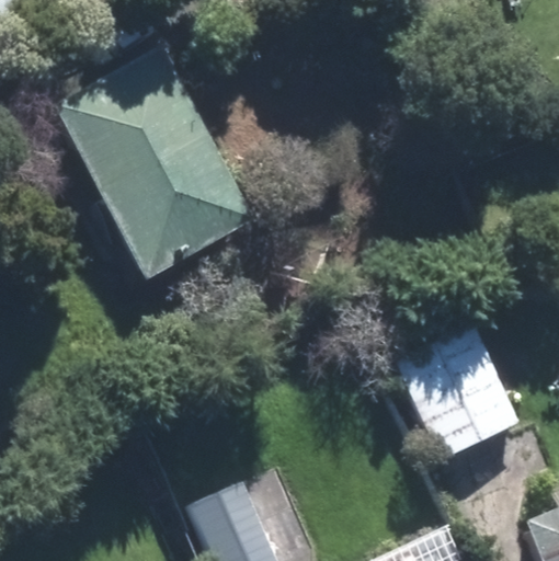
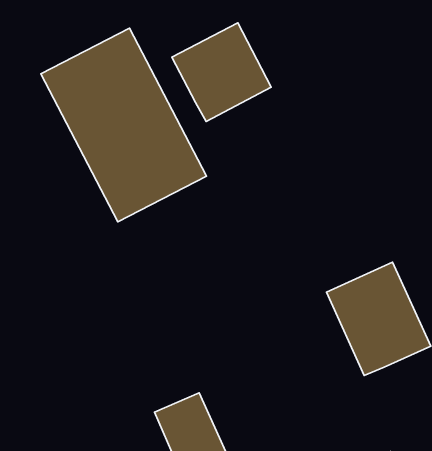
building: none -> [172,23,271,121]

